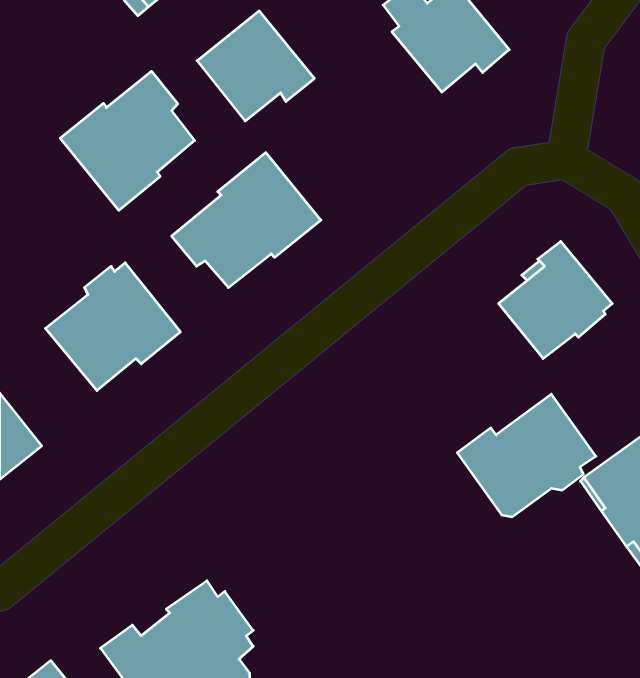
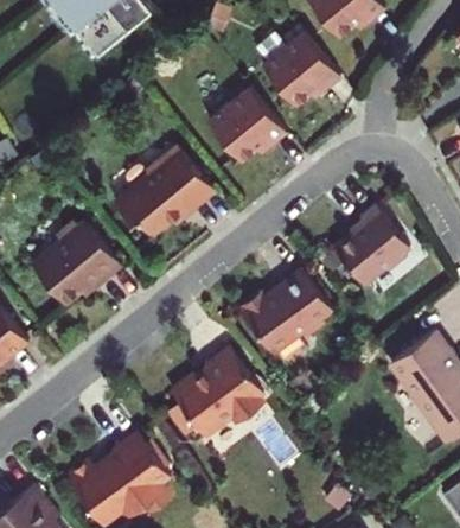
building: [197,11,314,121] -> [209,88,287,161]
building: [60,71,195,210] -> none
building: [457,394,596,517] -> [239,269,332,351]
building: none -> [167,346,263,437]

